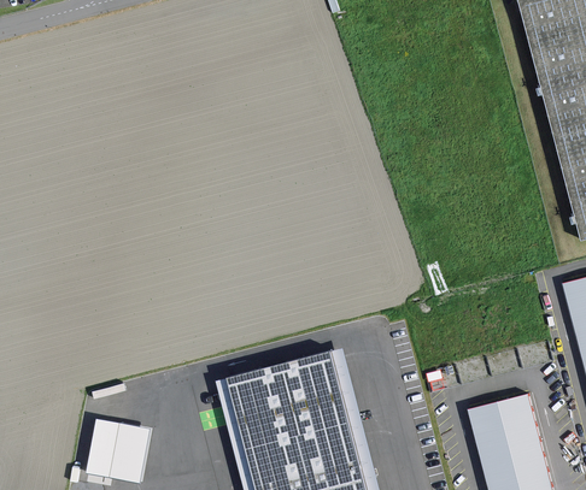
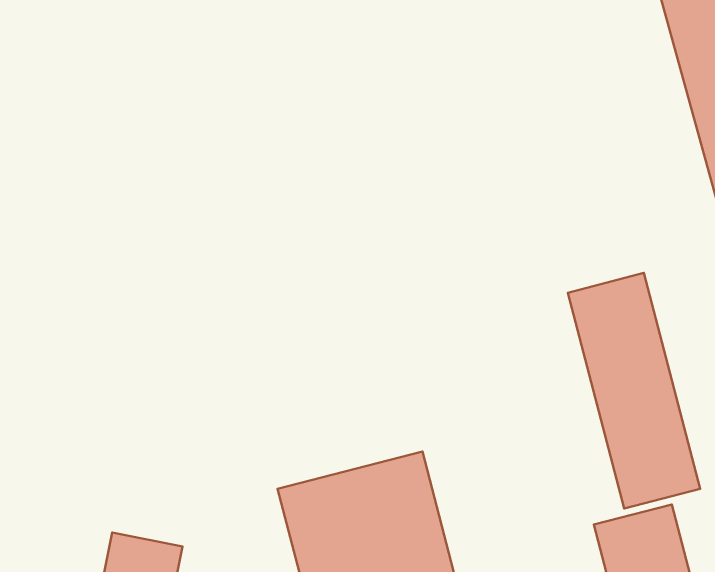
building: none -> [568,273,700,509]

